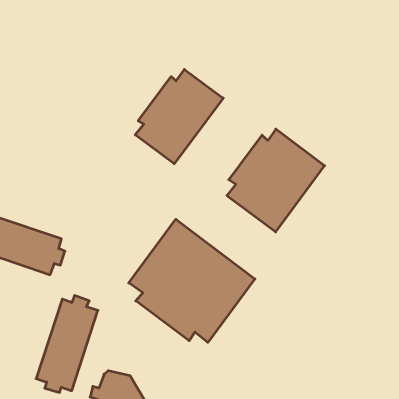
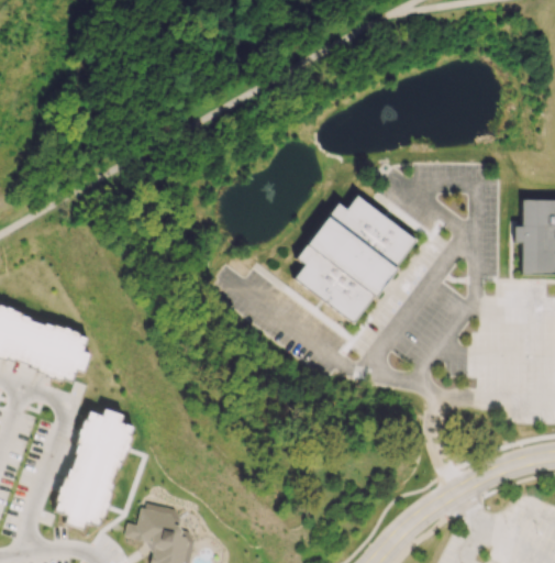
building: [135,69,223,164] -> none
building: [129,219,255,342] -> none

